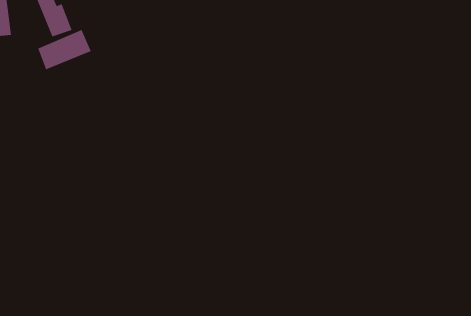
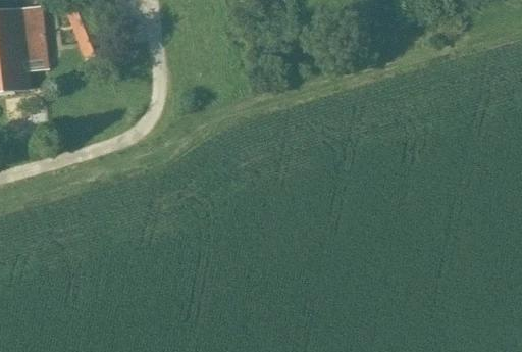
building: [38,29,92,70] -> none

